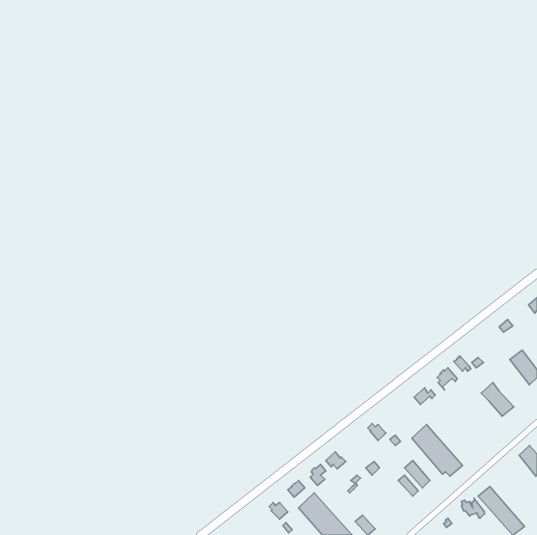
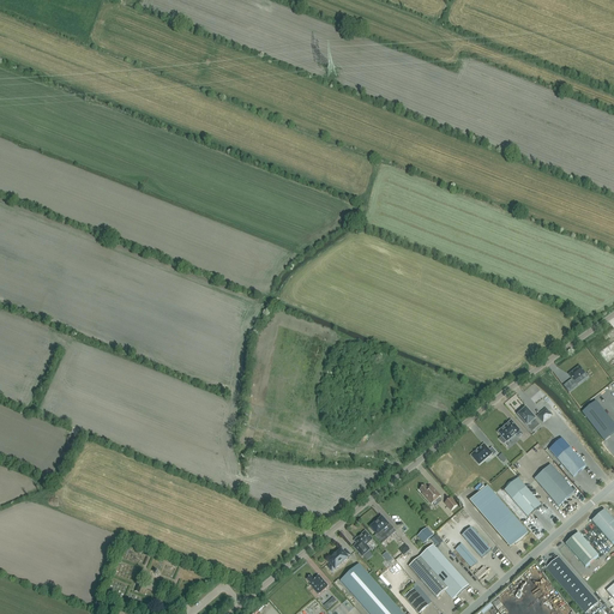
building: none -> [535,463,574,505]
building: none -> [504,476,542,516]
building: none -> [566,531,598,566]
building: none -> [409,543,469,597]

